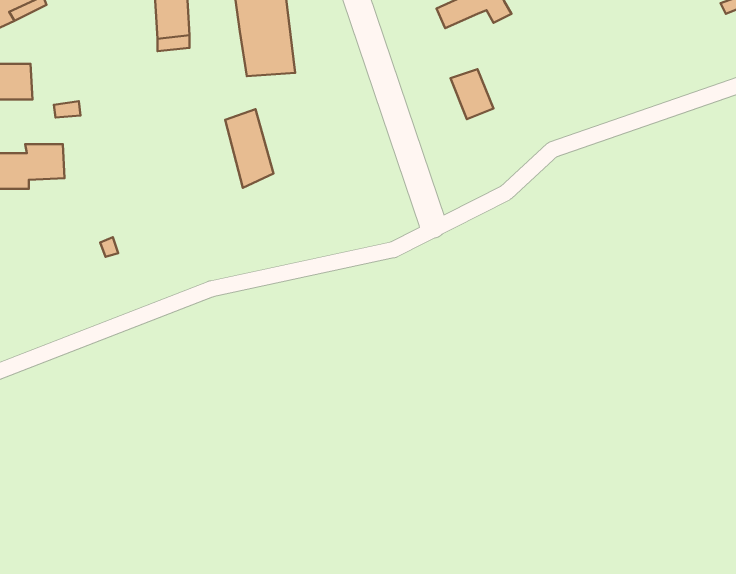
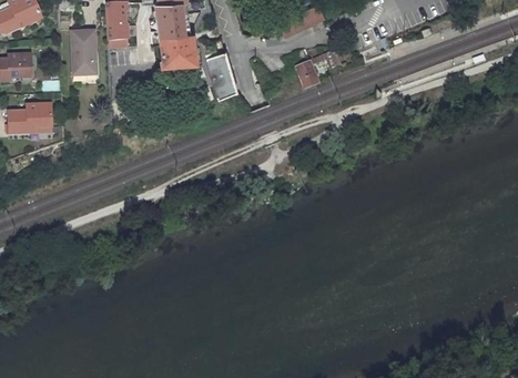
building: none -> [71,25,94,71]
building: [225,109,273,188] -> [206,51,236,100]

